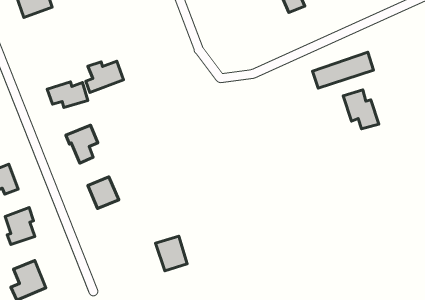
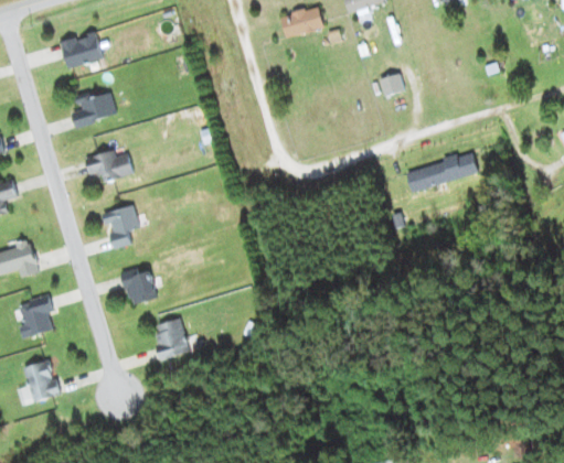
building: [86,61,123,93] -> [71,91,116,127]
building: [343,90,379,129] -> none
building: [156,236,187,271] -> [152,319,188,358]

